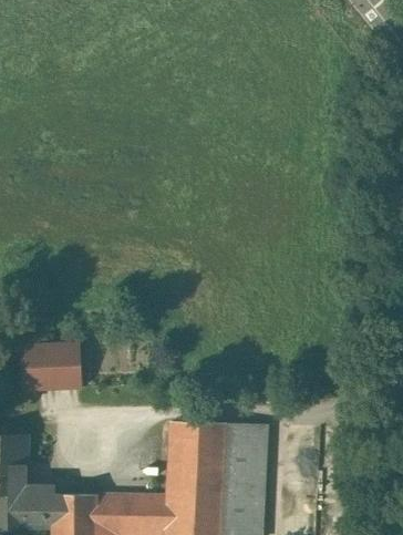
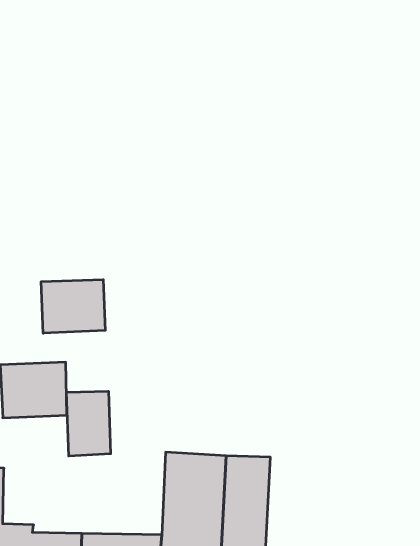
building: none -> [41,280,105,333]
building: none -> [66,391,111,456]

